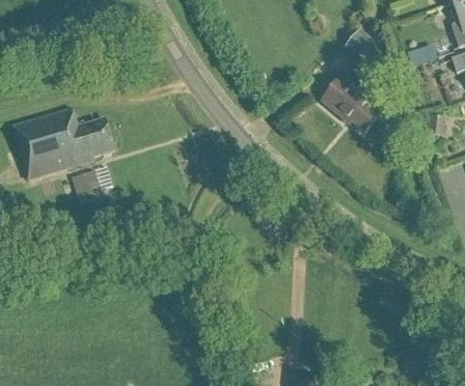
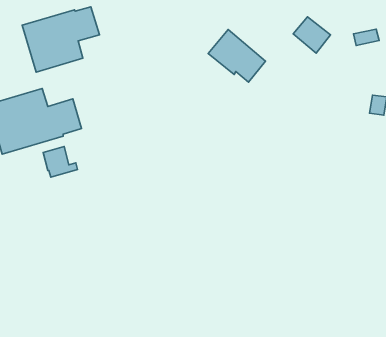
building: none -> [22,7,99,72]
building: [321,76,383,133] -> [208,30,266,82]

